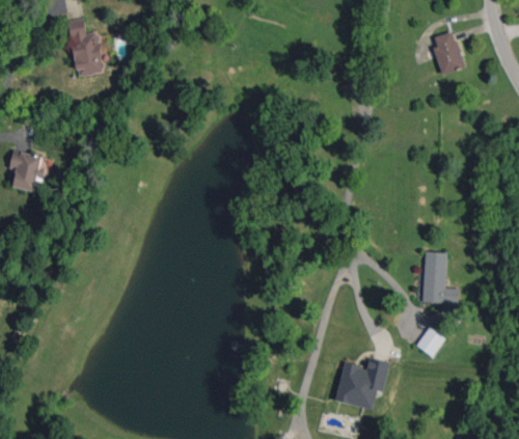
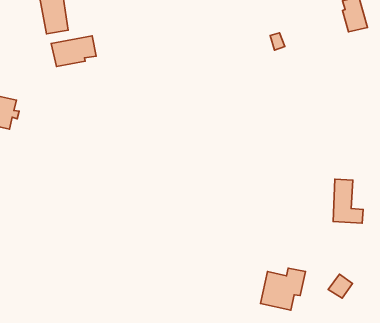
building: none -> [51,36,96,66]
building: [415,327,444,356] -> [328,274,352,298]

